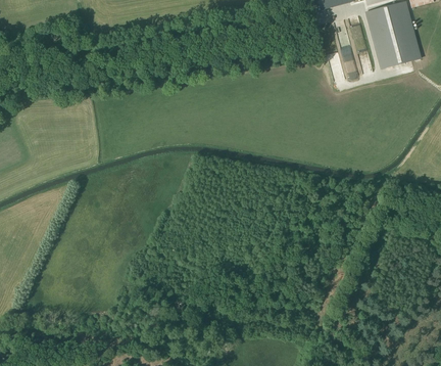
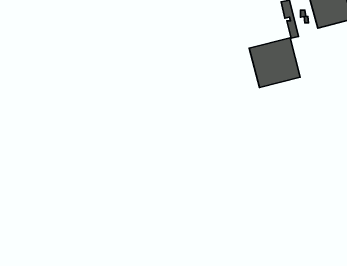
building: none -> [249,38,300,87]

